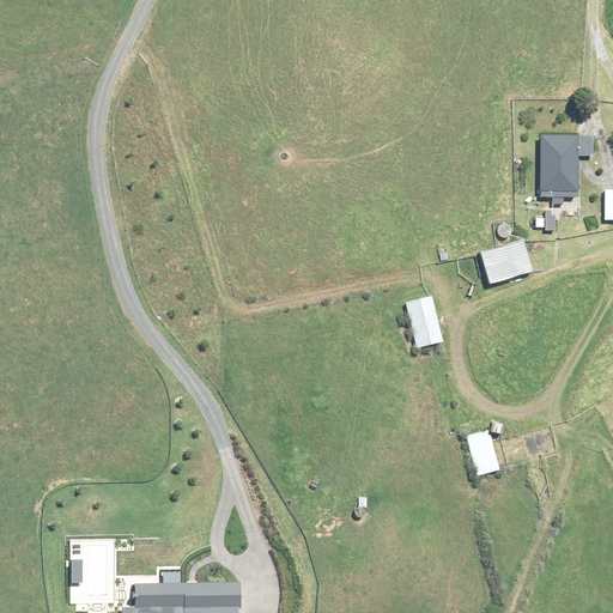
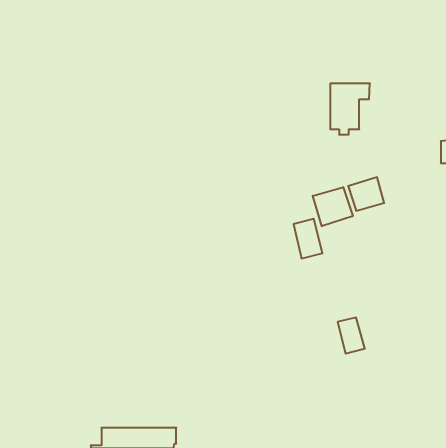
building: [539,136,593,206] -> [330,83,370,135]
building: none -> [313,187,353,226]

